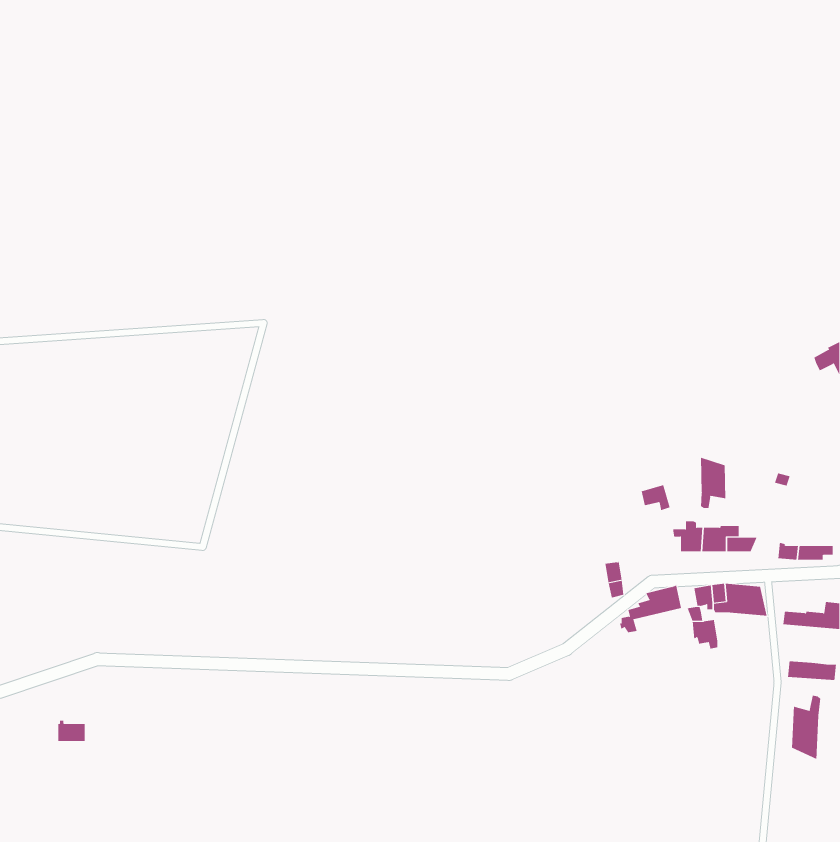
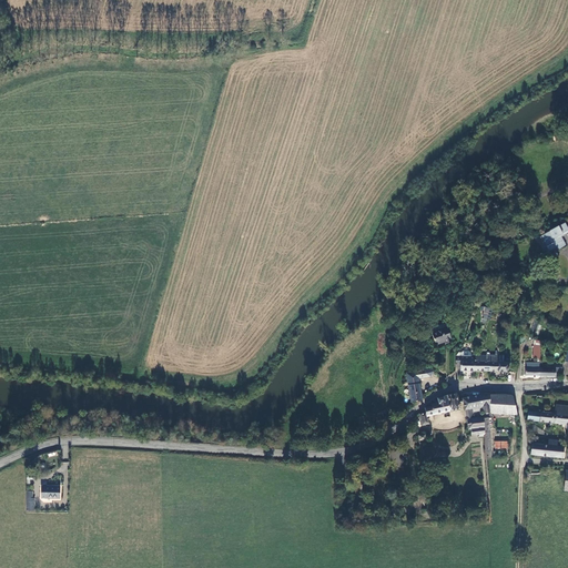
building: [701,457,726,509] -> none
building: [791,695,821,760] -> none

